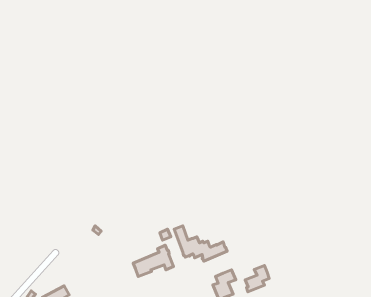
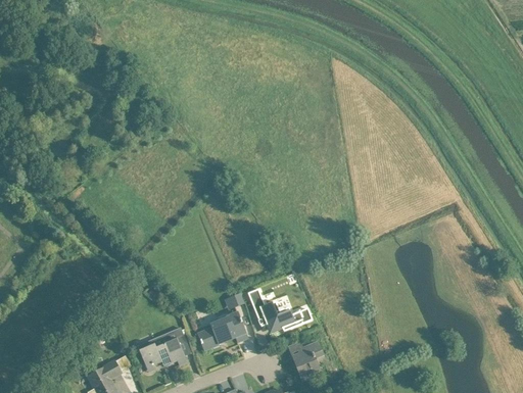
building: [245,265,269,292] -> none
building: none -> [138,337,186,366]

